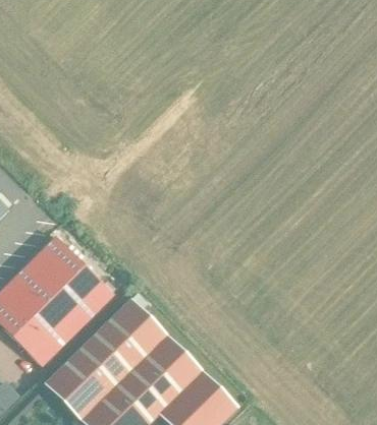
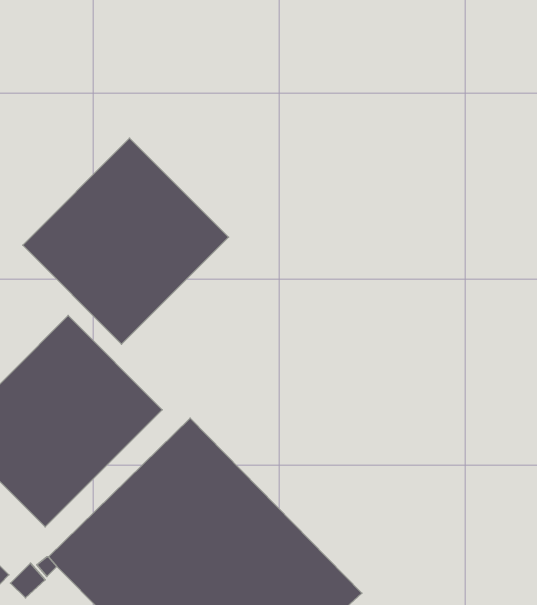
building: none -> [23,138,228,344]

